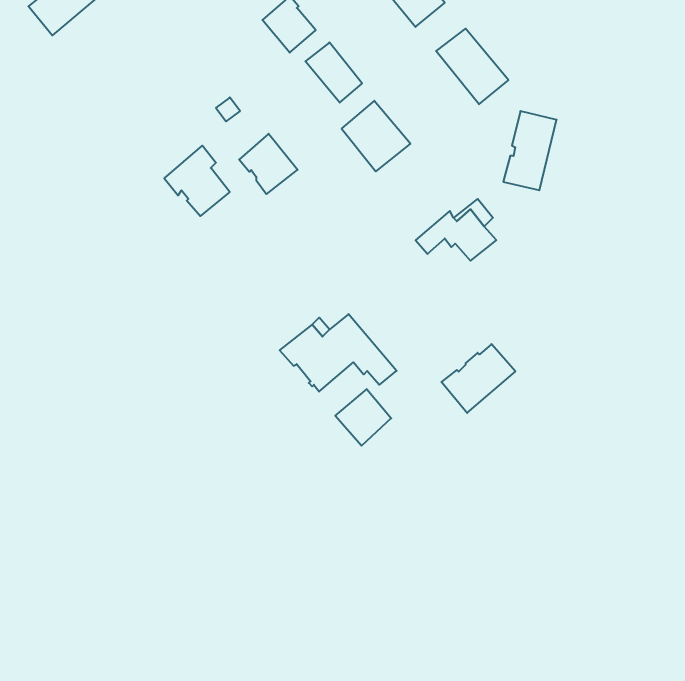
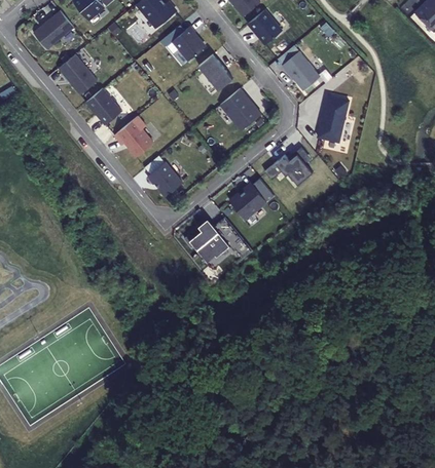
building: none -> [58,54,97,95]
building: none -> [85,88,121,125]
building: [239,134,298,194] -> [147,162,182,198]
building: [441,344,515,413] -> [229,179,274,220]
building: [335,389,391,446] -> none

